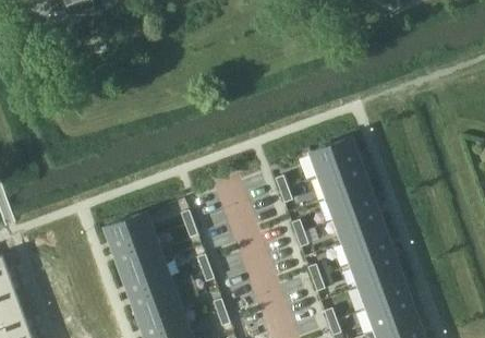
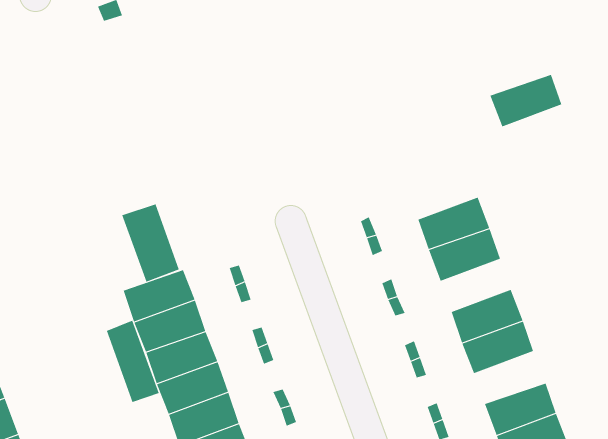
building: [308,137,361,176] -> [490,74,562,127]
building: none -> [121,203,180,282]
building: [334,204,385,242] -> none
building: none -> [106,320,160,403]
building: [357,270,410,309] -> none

